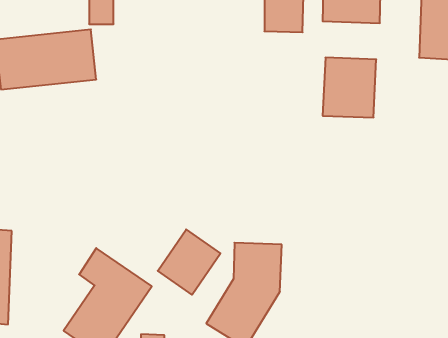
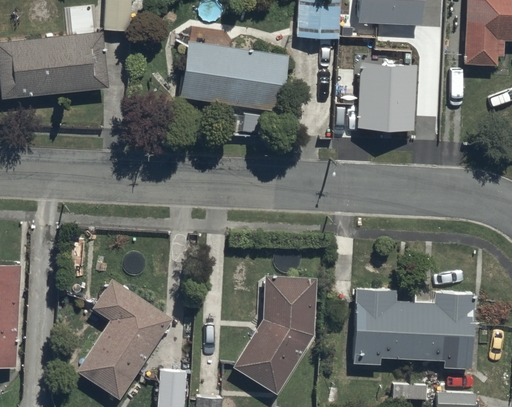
building: none -> [180,46,286,116]
building: [158,229,220,295] -> none
building: none -> [351,286,473,369]

